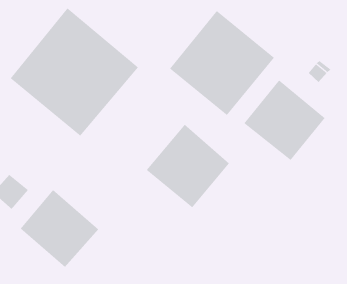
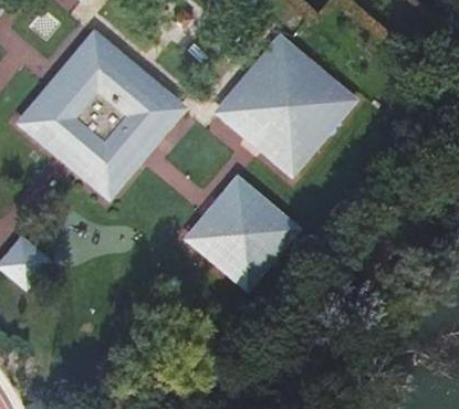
building: [244,80,325,161] -> none
building: [20,189,99,268] -> none

